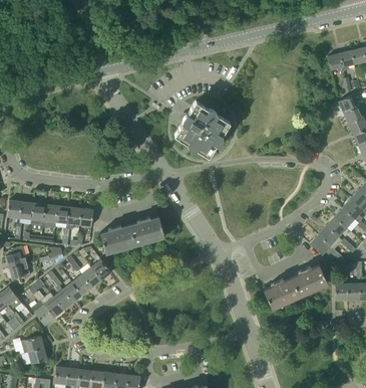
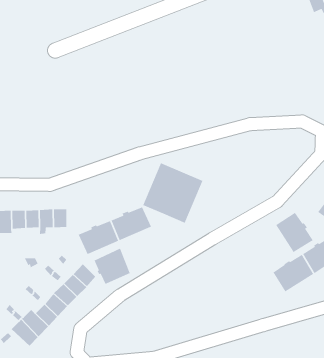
building: [173,101,230,157] -> [142,162,204,224]
building: none -> [275,212,314,253]
building: none -> [94,248,132,286]

